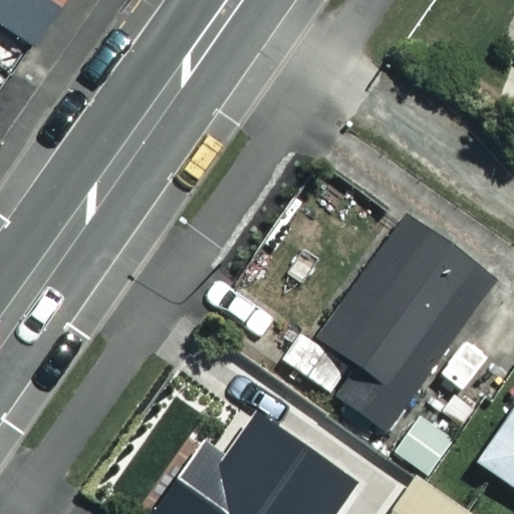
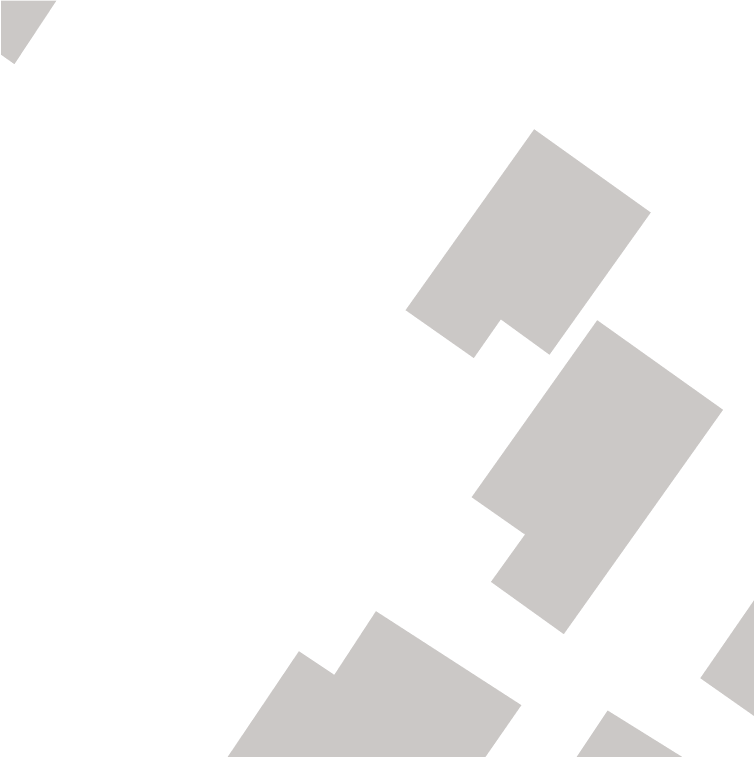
building: none -> [404,128,652,359]

